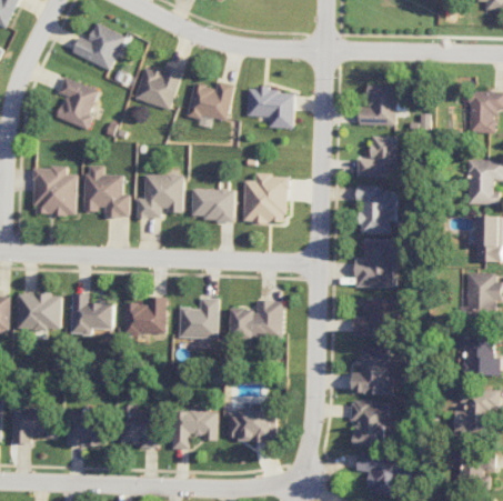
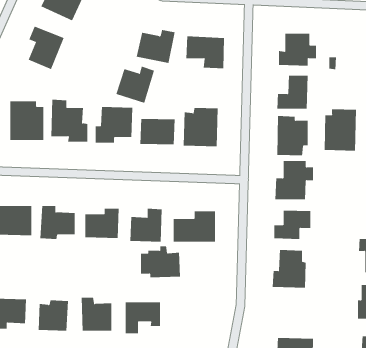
building: [134,64,182,110] -> [115,66,155,103]
building: none -> [324,109,357,151]
building: [350,402,386,447] -> none
building: [228,403,276,442] -> [140,246,181,278]

